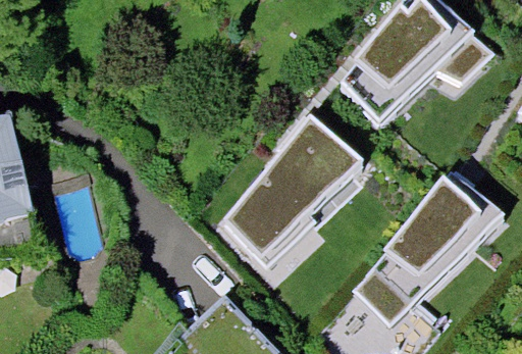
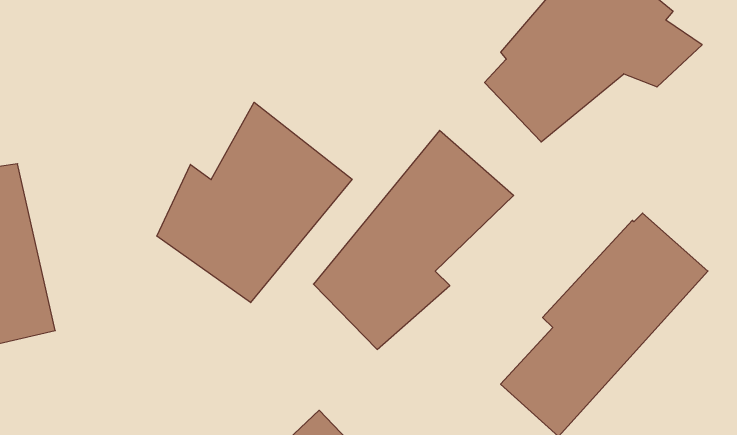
building: none -> [157,102,352,303]

